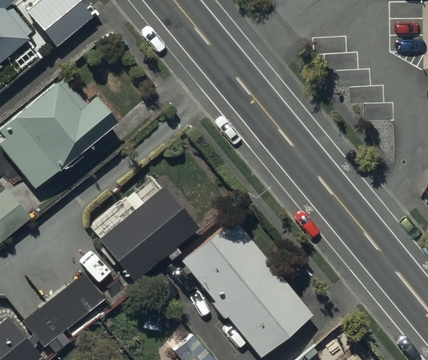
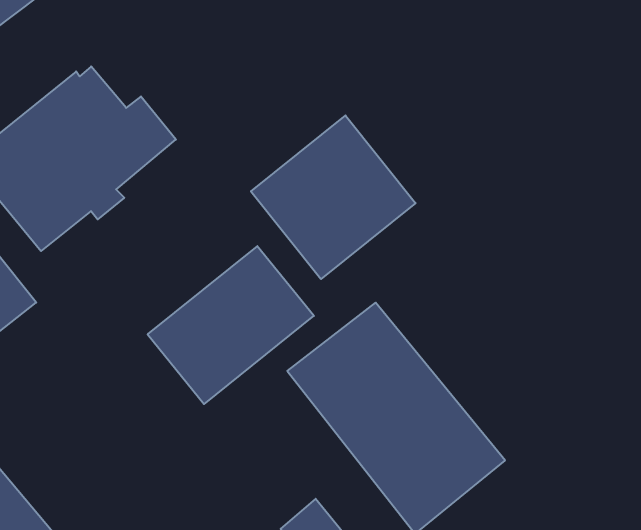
building: none -> [251,115,416,279]
building: [27,272,110,351] -> none

